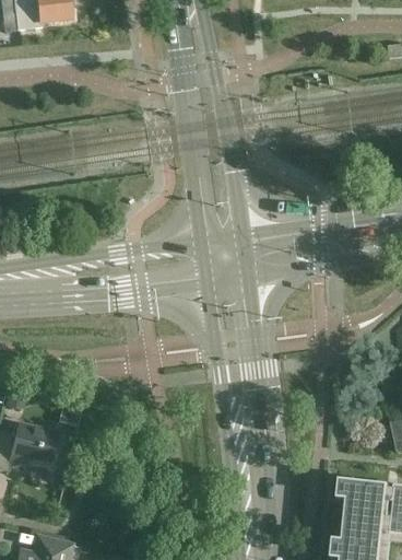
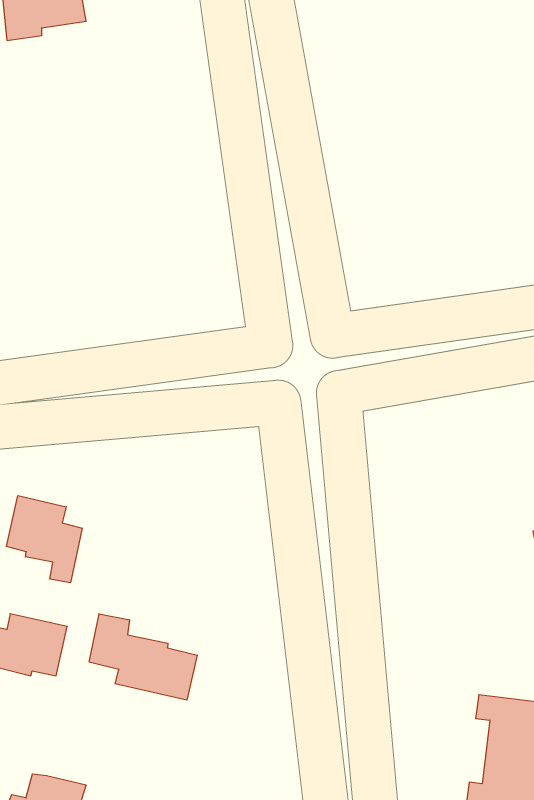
building: none -> [6,496,82,583]
building: none -> [89,614,197,700]

